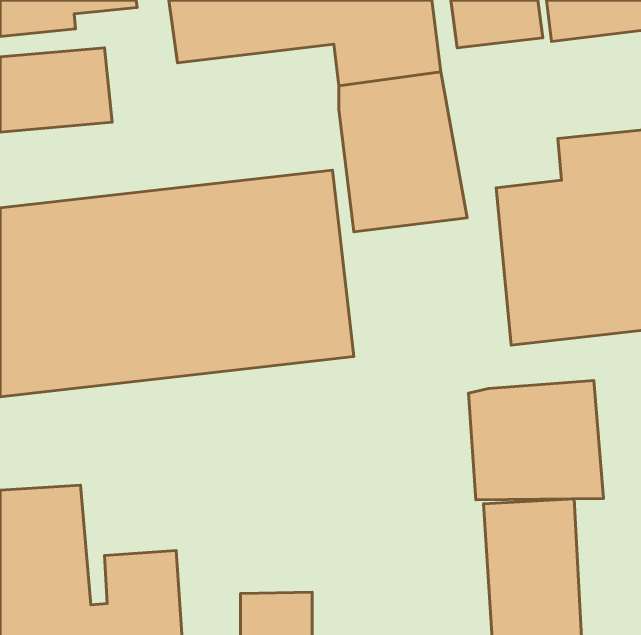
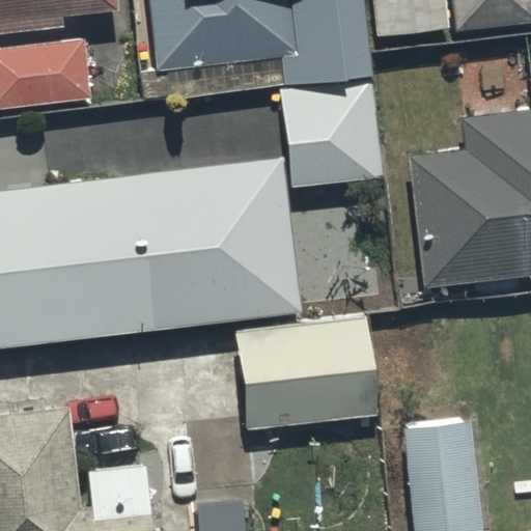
building: none -> [229,312,368,424]
building: [469,380,603,500] -> none

